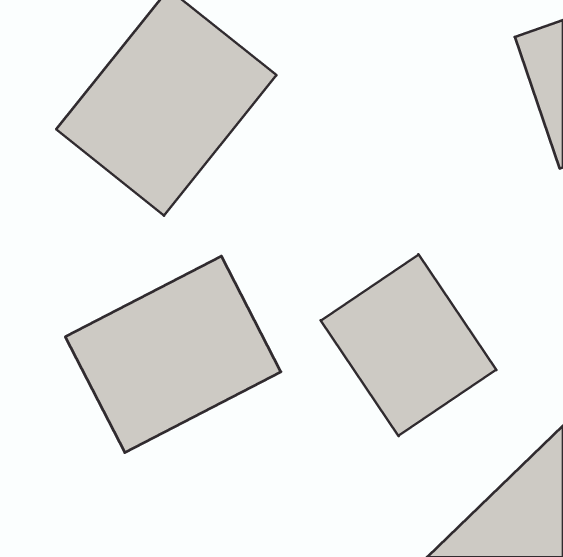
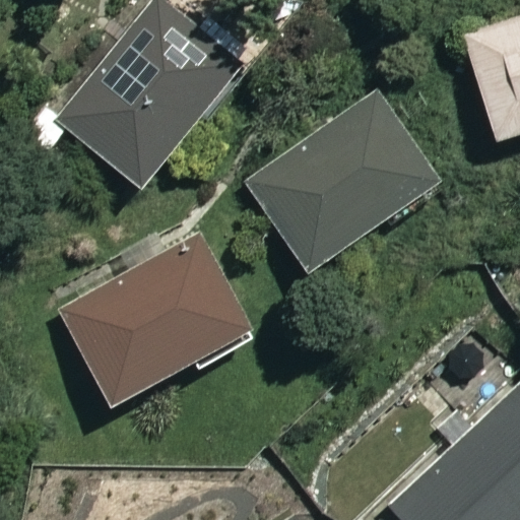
building: none -> [243,89,438,273]
building: [321,254,496,436] -> none

